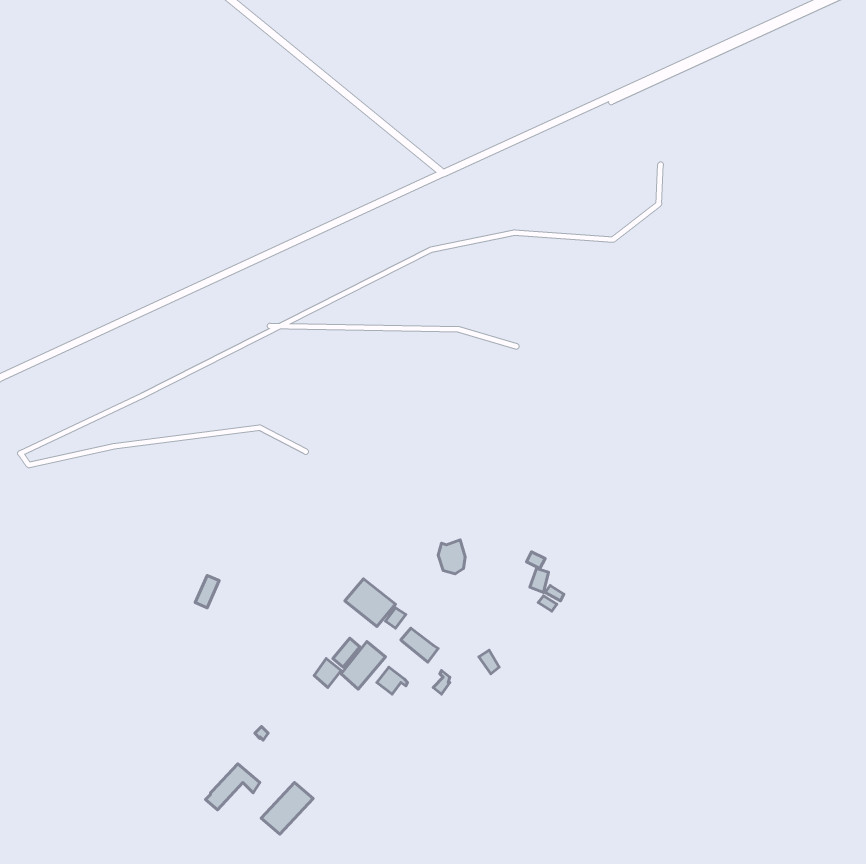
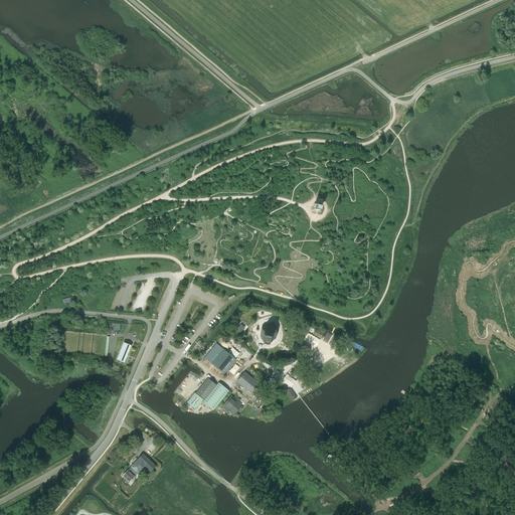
building: [261,783,313,834] -> none

